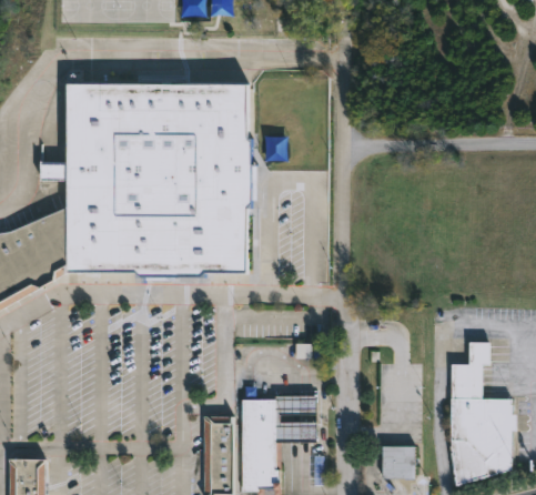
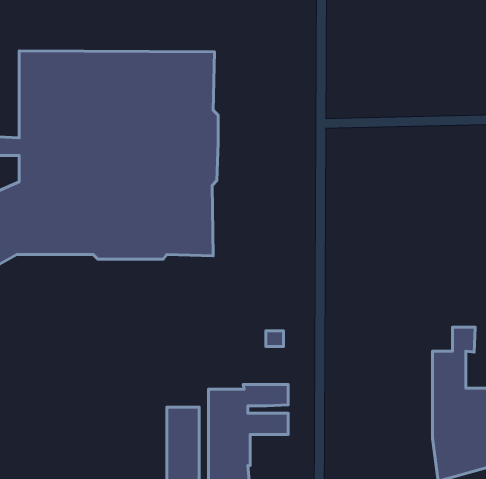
building: [382,445,414,476] -> none

